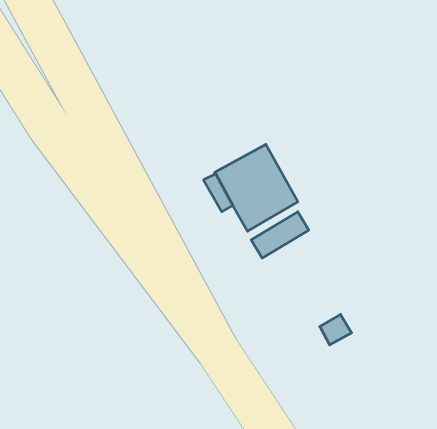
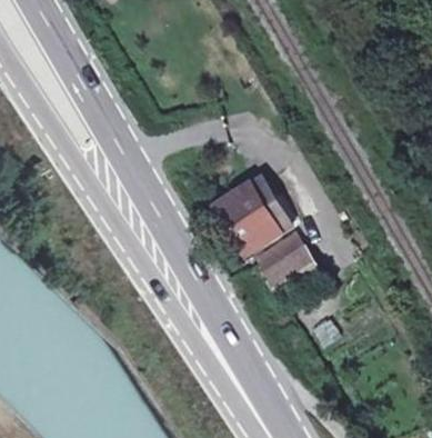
building: none -> [255,245,314,300]

